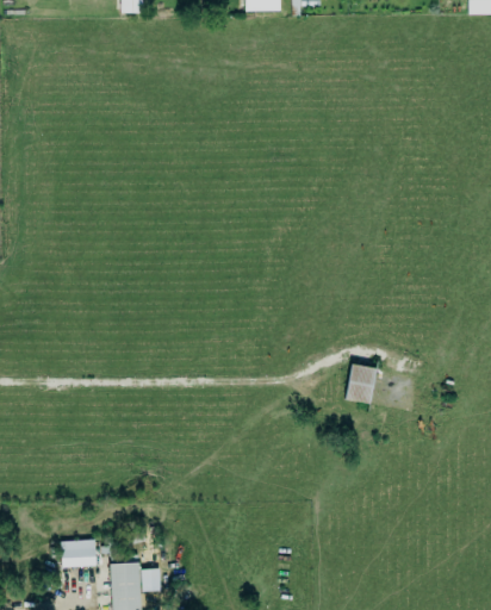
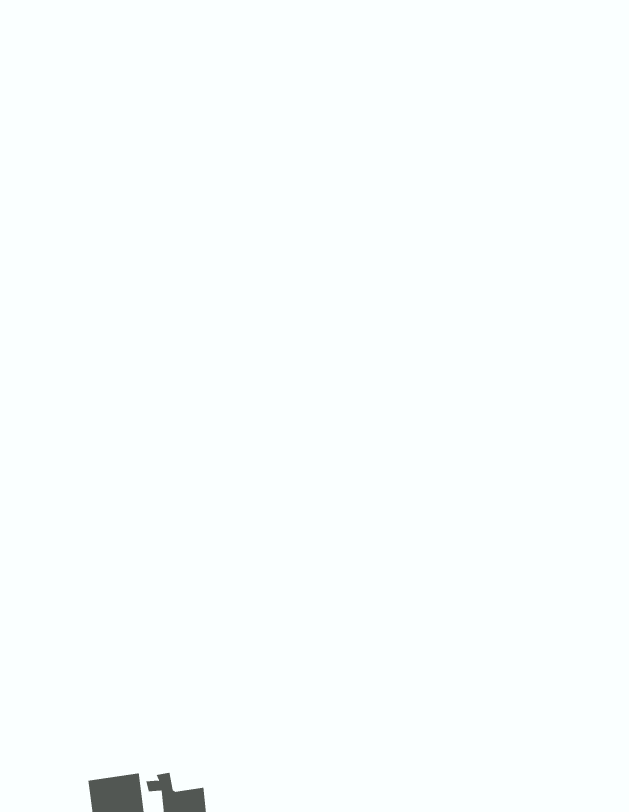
building: [347,365,378,404] -> none

